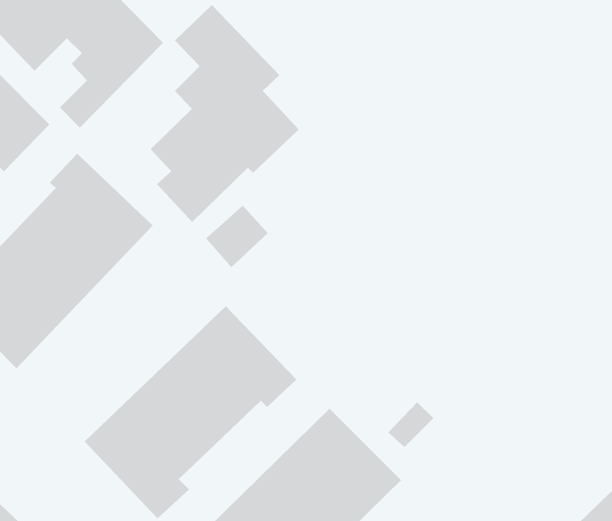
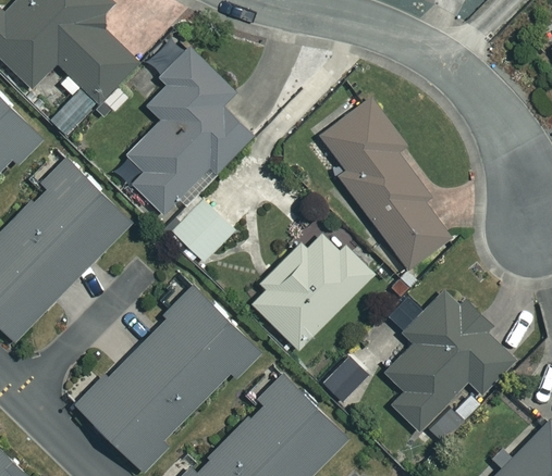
building: none -> [319,98,445,265]
building: none -> [244,224,365,345]
building: none -> [381,284,511,428]

